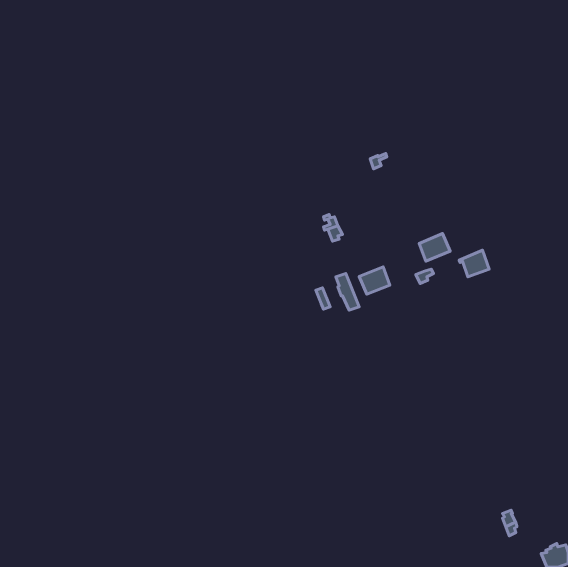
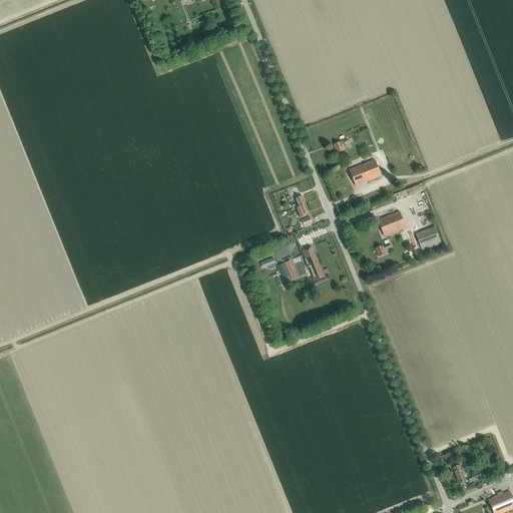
building: none -> [349,159,381,185]
building: [359,267,390,294] -> none

